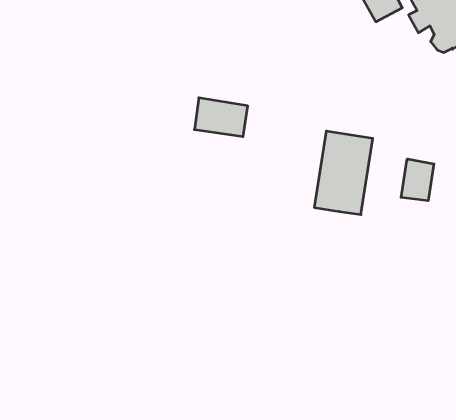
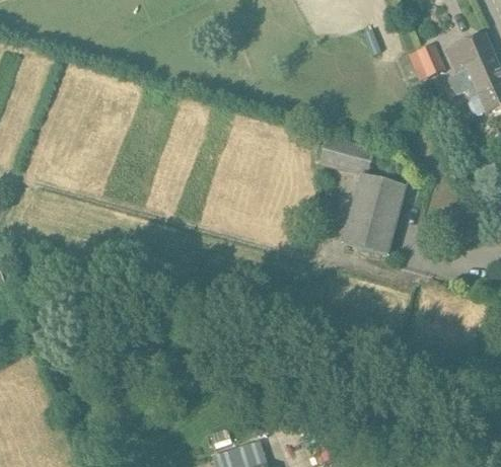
building: [194,98,248,137] -> [317,134,368,173]
building: [401,159,434,201] -> none

